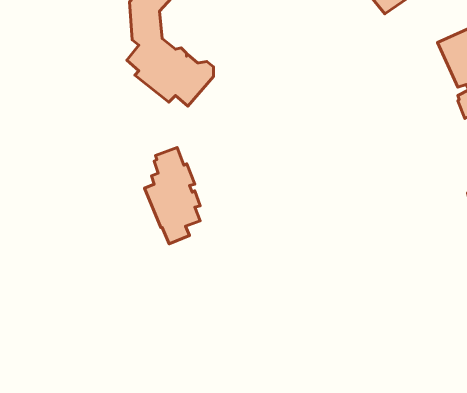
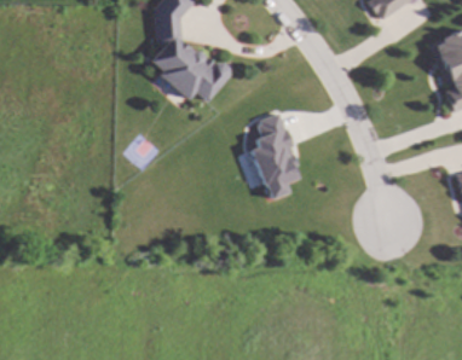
building: [145,147,200,244] -> [248,115,298,201]

